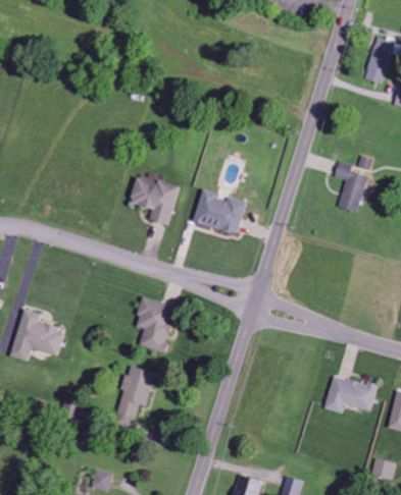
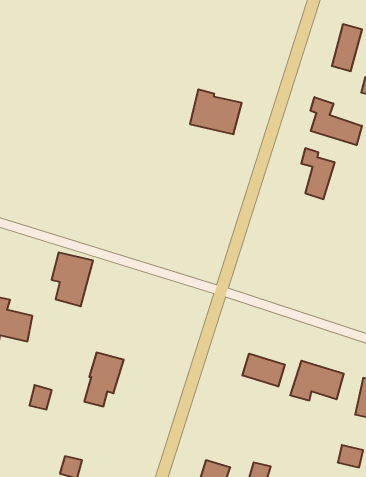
building: none -> [310,97,362,145]
building: [130,176,179,225] -> none
building: [194,188,246,233] -> [190,90,242,134]
building: [135,298,177,352] -> [52,252,93,306]
building: none -> [242,354,285,387]

